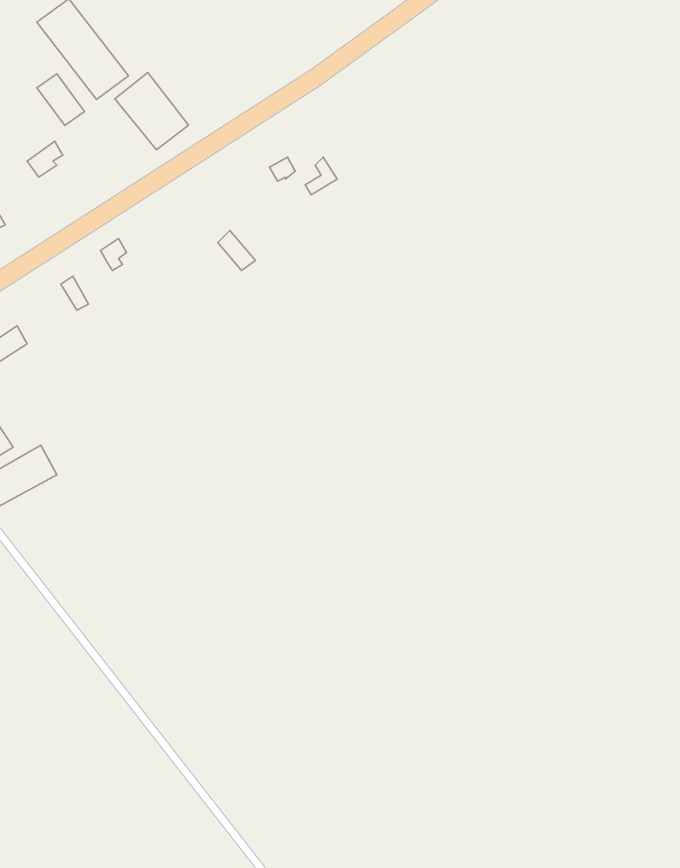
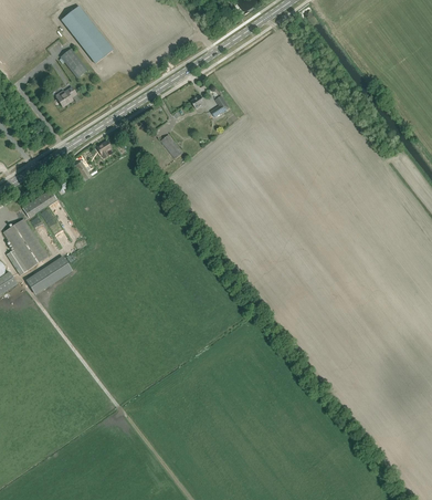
building: [115,72,188,150] -> none

